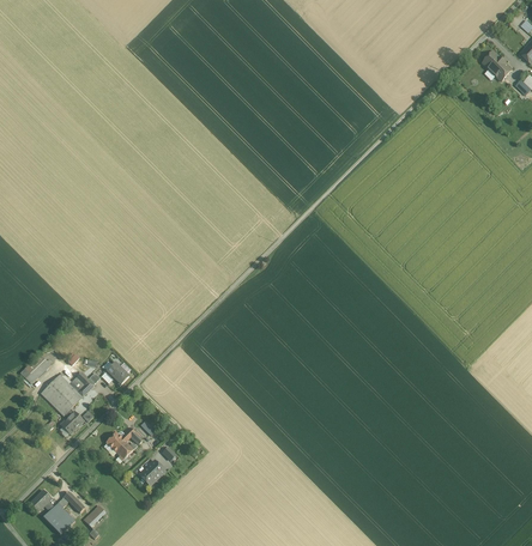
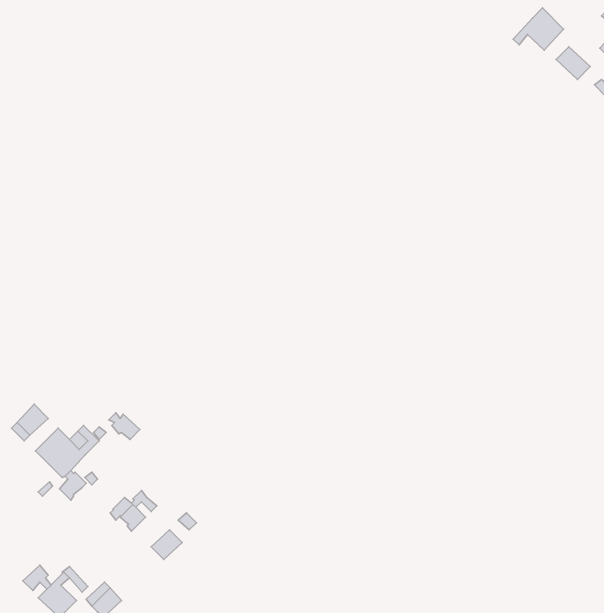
building: none -> [513,8,564,50]

